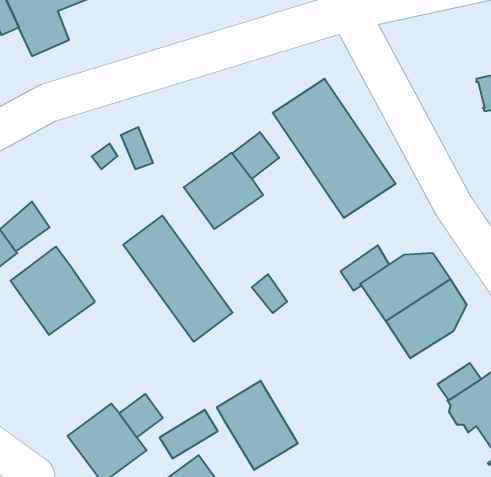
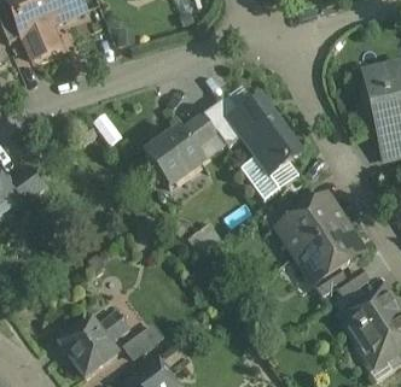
building: [123,216,233,342] -> none
building: [11,247,95,335] -> none
building: [217,381,298,470] -> none

